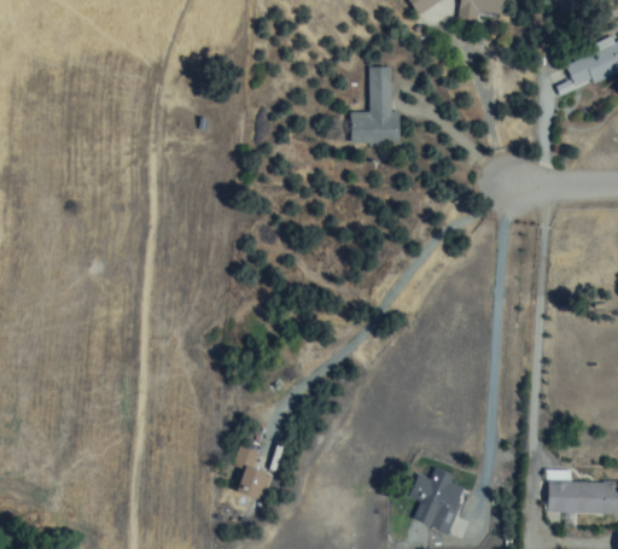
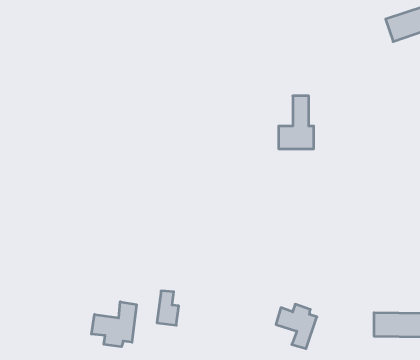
building: [349,68,400,144] -> [279,96,314,149]
building: none -> [91,302,136,347]

